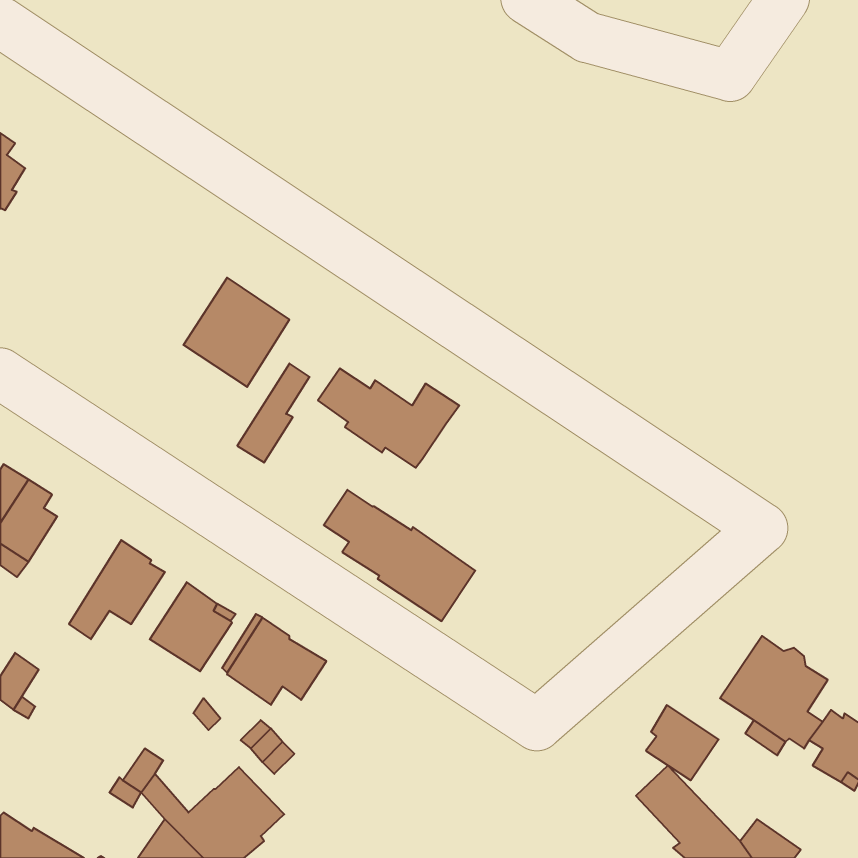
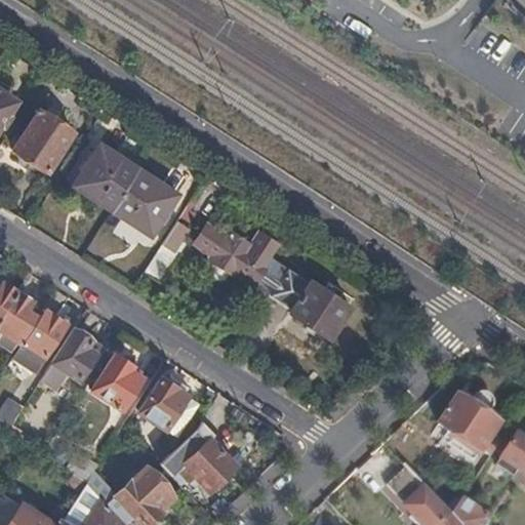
building: none -> [15,110,75,172]
building: none -> [74,145,139,210]
building: [324,490,475,621] -> [258,258,351,338]
building: none -> [12,310,68,373]
building: [646,705,719,780] -> none
building: none -> [178,439,237,491]

